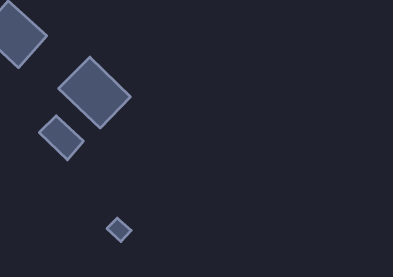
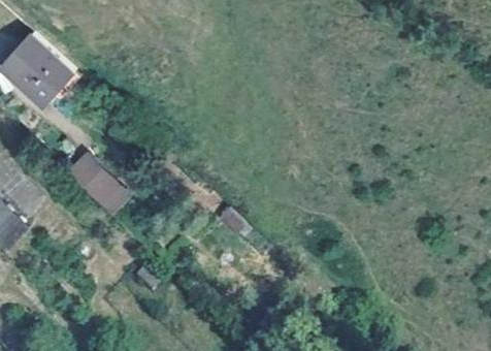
building: [59,57,130,128] -> none

